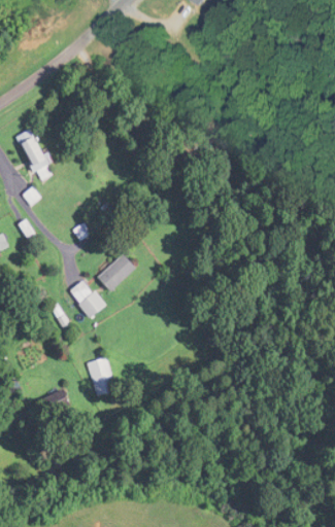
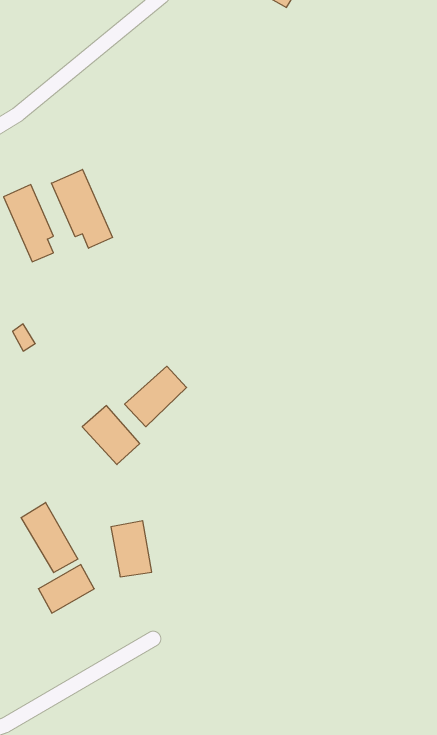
building: none -> [51,169,112,248]
building: none -> [21,502,78,573]

